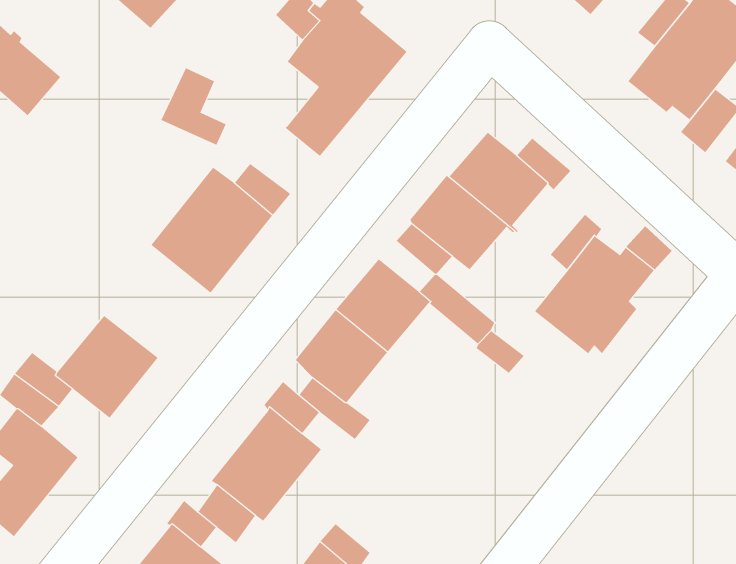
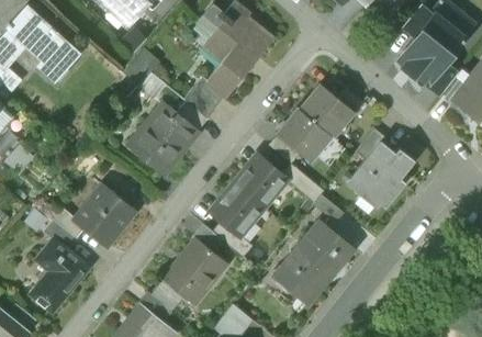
building: none -> [182,77,223,119]
building: none -> [272,222,352,307]

